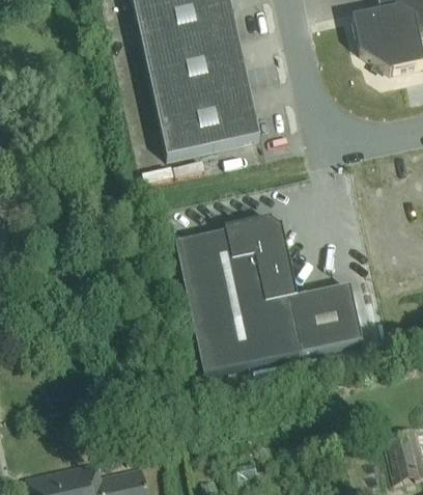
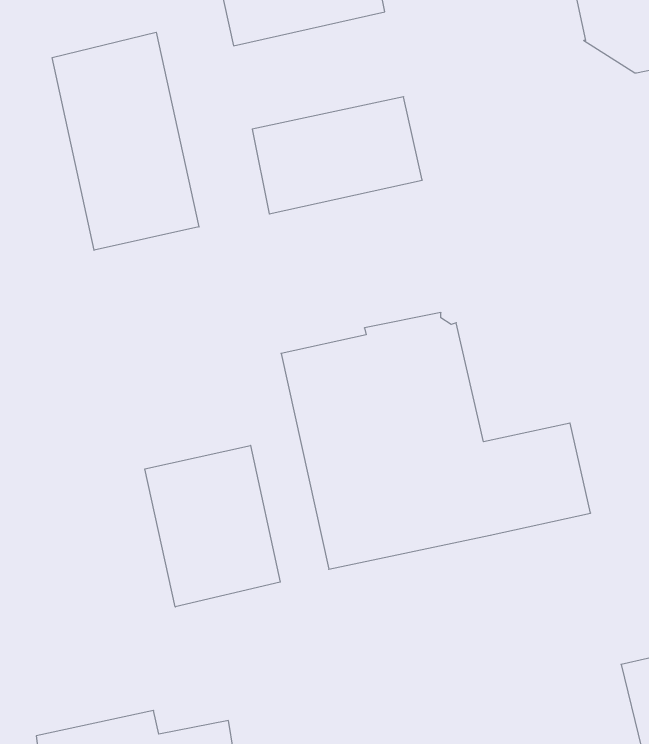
building: [145,33,249,105] -> none
building: none -> [52,32,199,250]
building: none -> [145,445,280,607]

